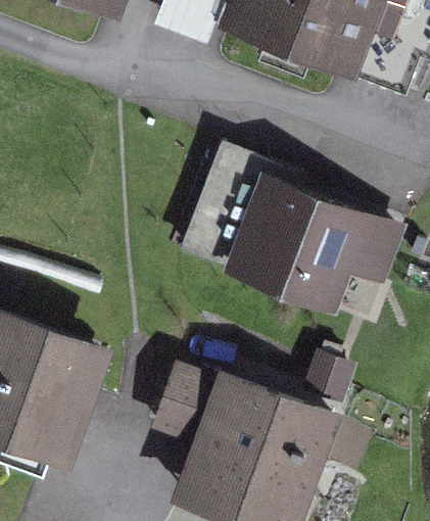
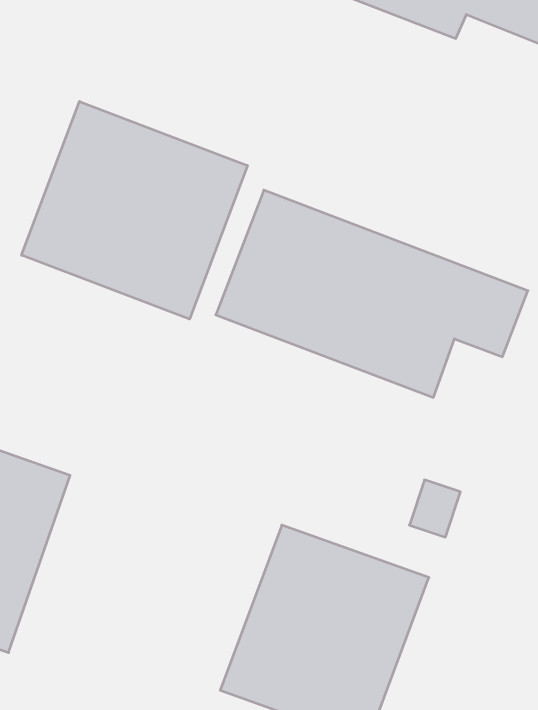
building: none -> [22,101,247,319]

